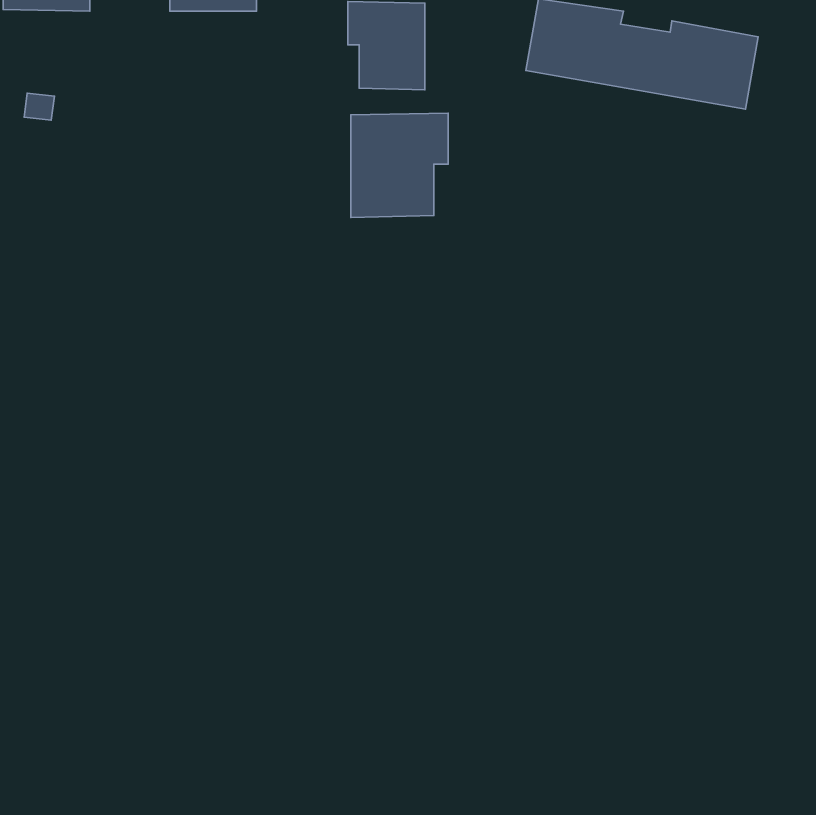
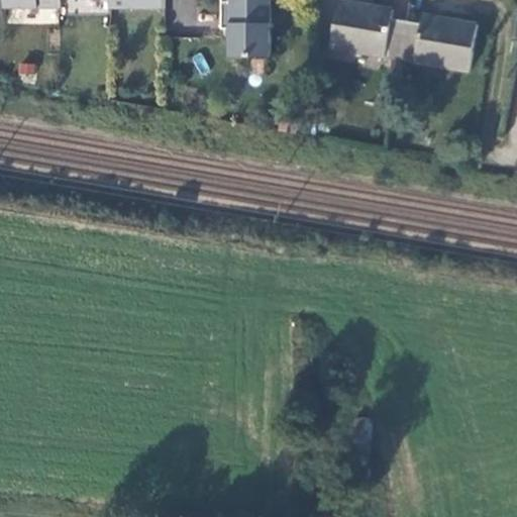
building: [351,113,448,217] -> none

